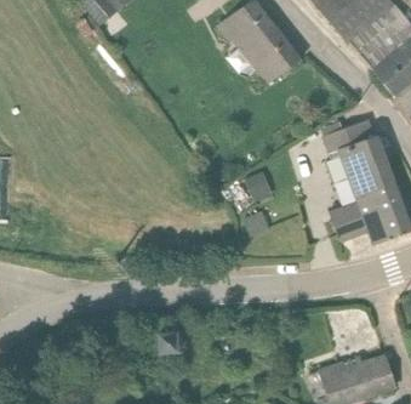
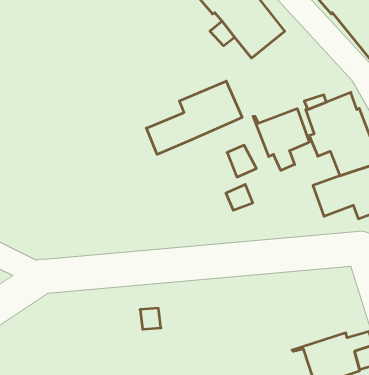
building: none -> [146,81,242,154]
building: none -> [253,109,309,170]

